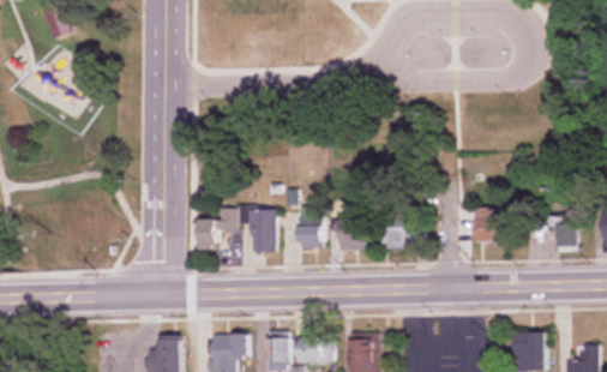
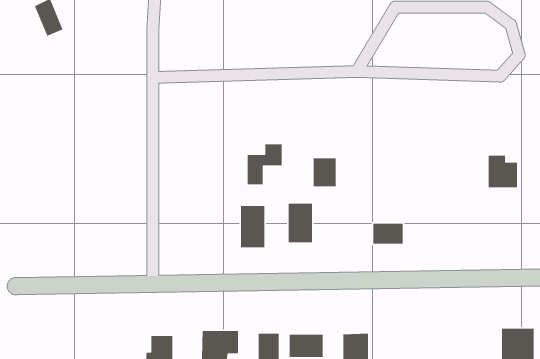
building: [198,206,234,248] -> [247,143,283,185]
building: [474,206,504,240] -> [488,155,518,188]
building: [338,217,362,247] -> [313,157,337,187]

